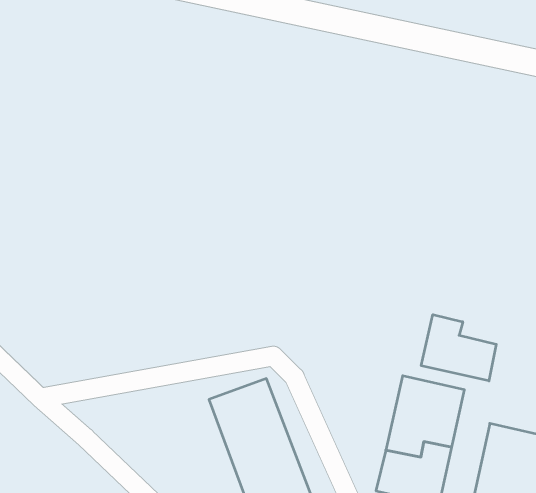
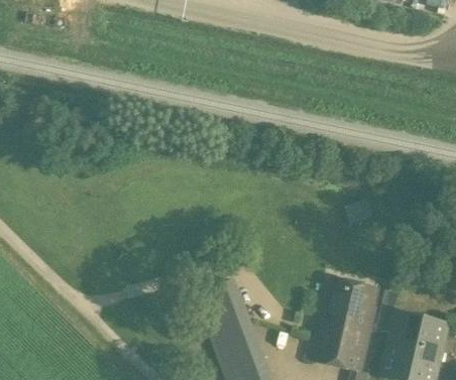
building: [421,315,496,381] -> none

